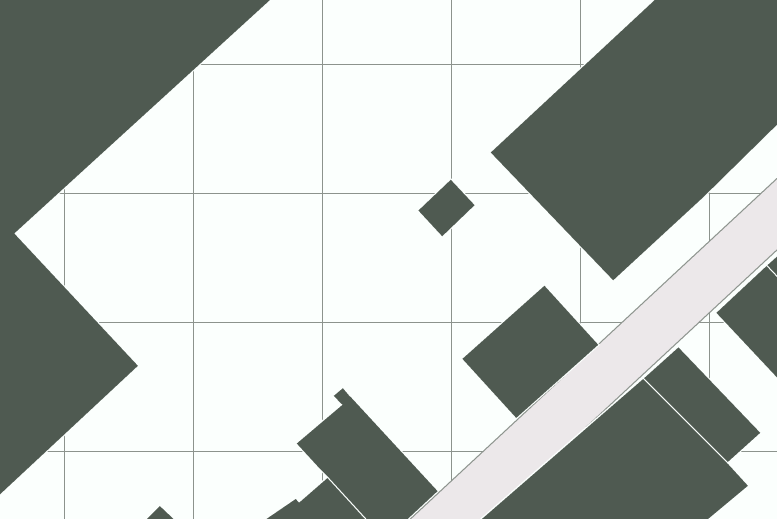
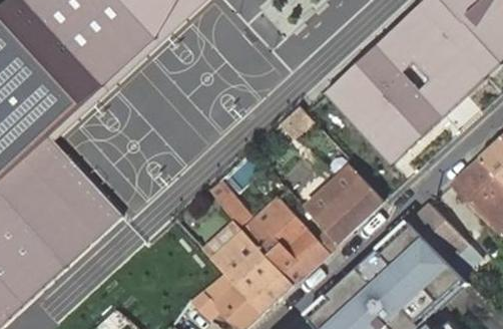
building: none -> [207,180,328,284]

